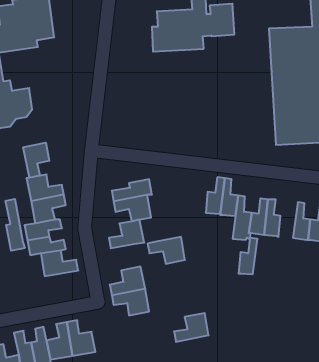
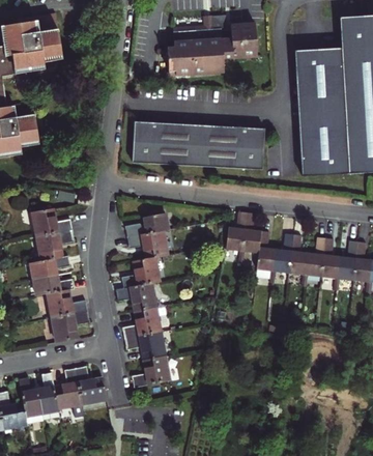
building: none -> [133,121,264,169]
building: [23,143,49,178] -> none
building: [6,199,25,251] -> none
building: [148,237,185,264] -> [115,282,155,311]
building: [238,238,258,274] -> [305,236,325,276]
building: none -> [52,311,90,342]
building: [174,313,209,342] -> [132,355,169,387]

